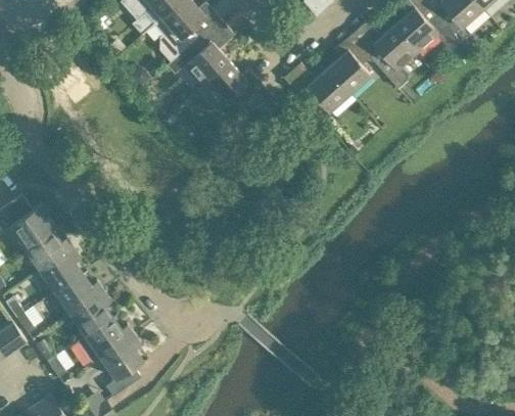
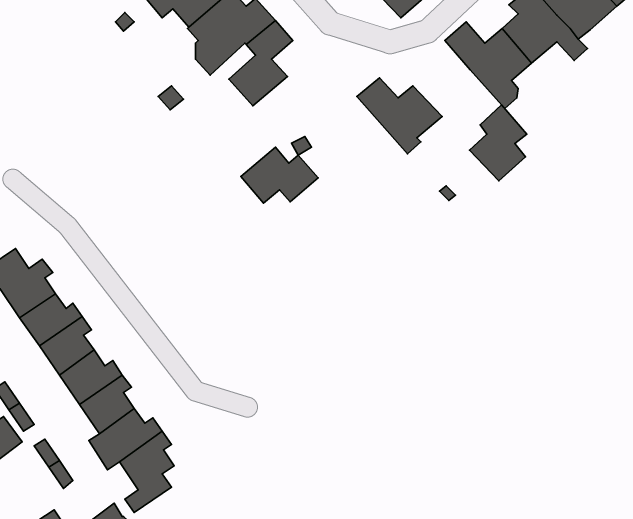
building: [326,36,370,94] -> [469,105,527,181]
building: [203,63,263,106] -> [241,147,318,203]

